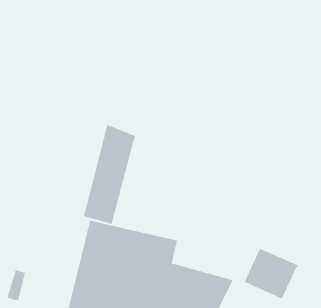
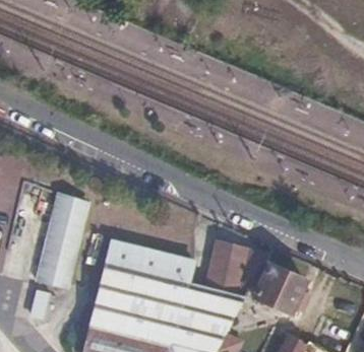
building: [83,124,136,225] -> [37,190,86,285]
building: none -> [206,240,268,297]

